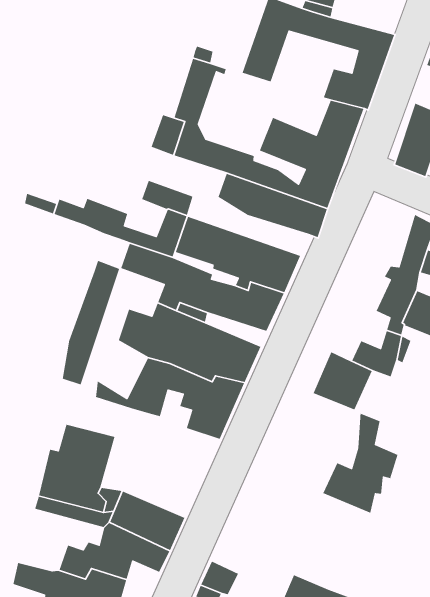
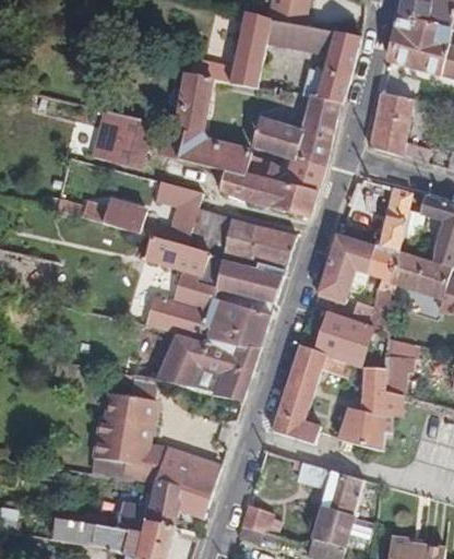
building: none -> [91,109,151,167]
building: [62,260,120,385] -> none
building: none -> [316,234,377,302]
building: none -> [272,345,350,444]
building: none -> [379,353,417,392]
building: none -> [292,460,362,516]

